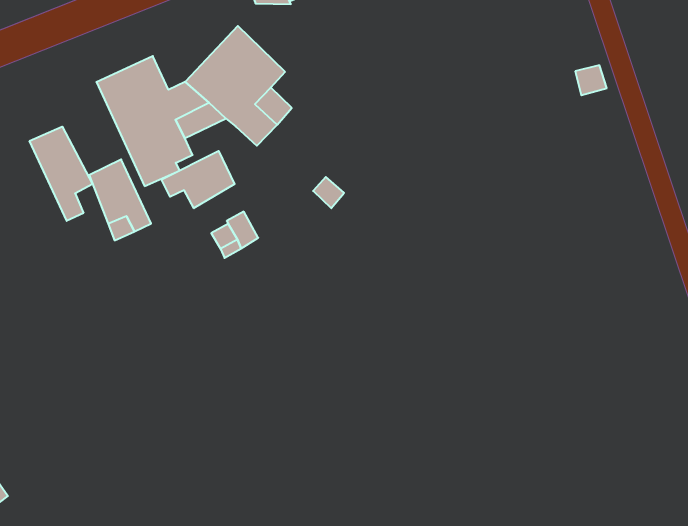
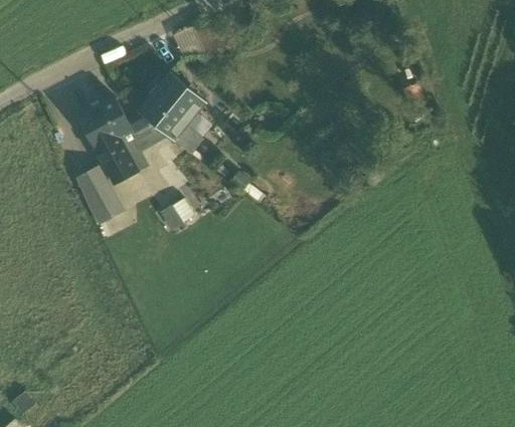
building: [30,127,93,221] -> none
building: [161,151,235,208] -> none

